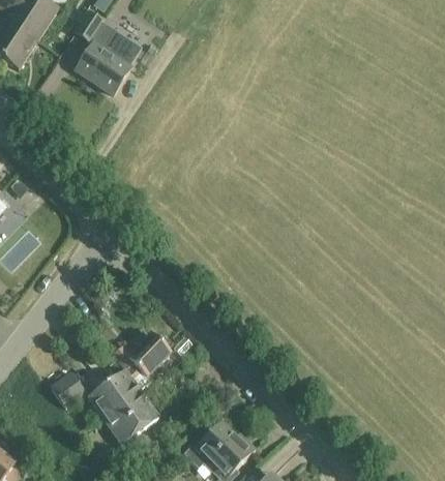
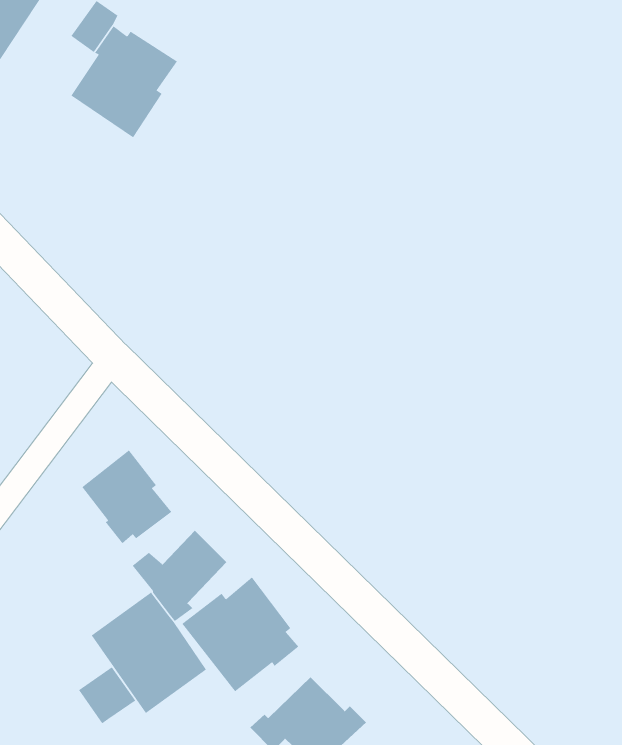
building: none -> [82,449,172,544]
building: none -> [181,577,299,692]
building: [51,371,86,407] -> [78,666,136,724]

